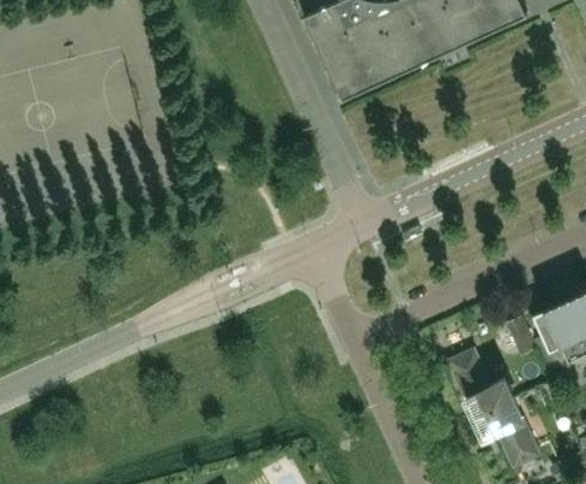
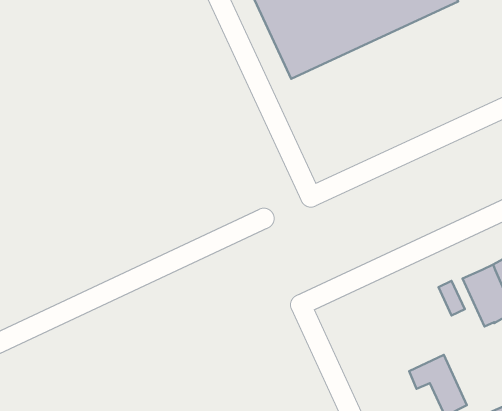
building: [449,353,512,420] -> none

